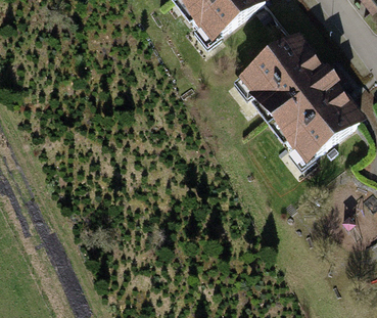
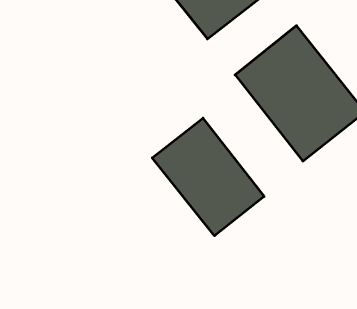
building: none -> [152,118,264,236]

